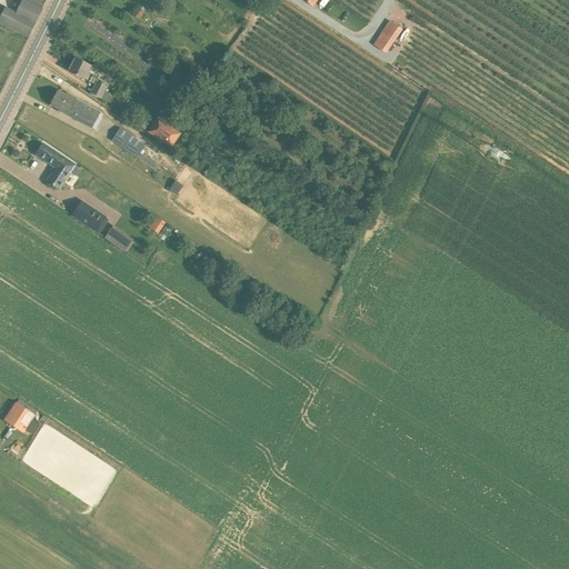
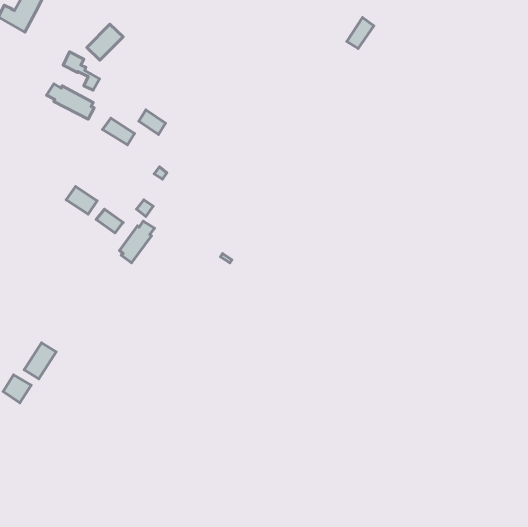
building: none -> [87,24,123,60]
building: [36,142,79,188] -> none
building: none -> [120,221,155,263]
building: none -> [24,343,56,379]

